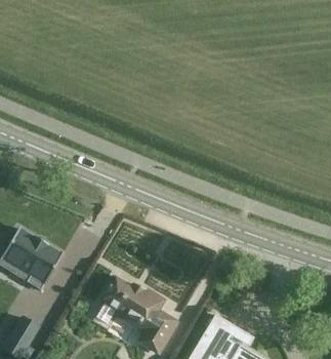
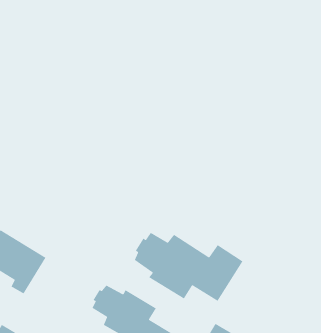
building: none -> [134,232,244,302]

